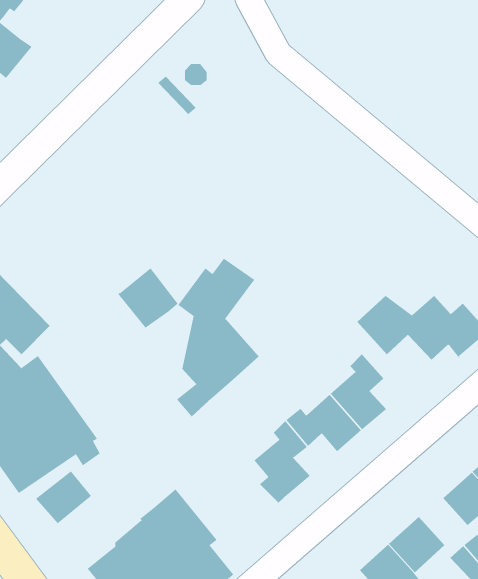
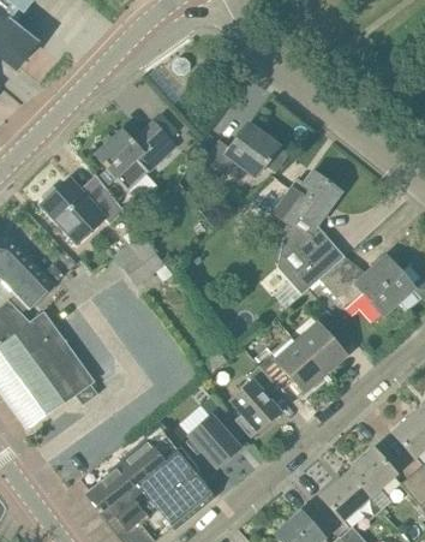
building: none -> [94,119,176,190]
building: none -> [205,123,276,175]
building: none -> [41,178,122,243]
building: [176,258,259,417] -> [271,171,343,309]
building: none -> [187,395,238,466]
building: [35,470,92,524] -> none

